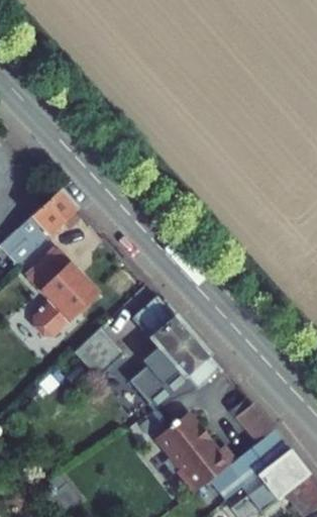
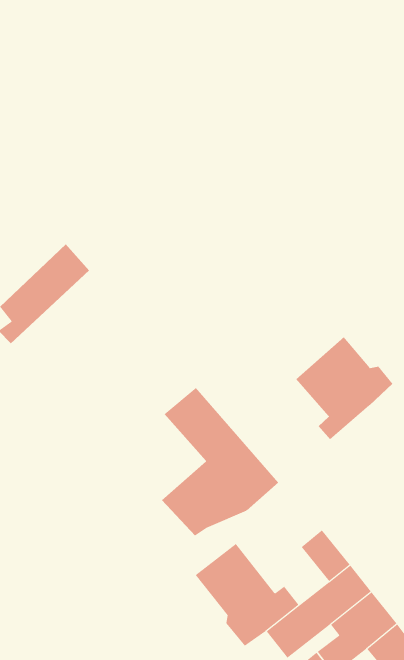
building: [25,247,99,336] -> none
building: none -> [295,337,393,440]
building: [74,325,124,376] -> none

